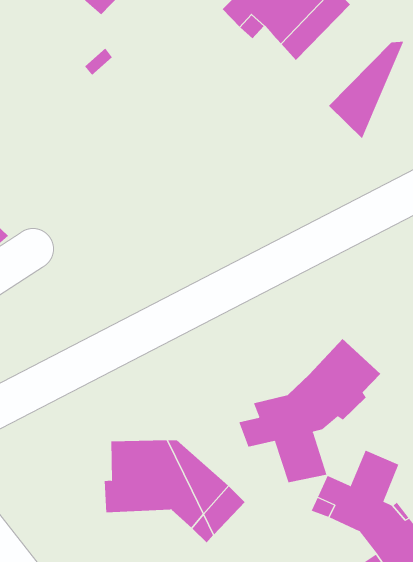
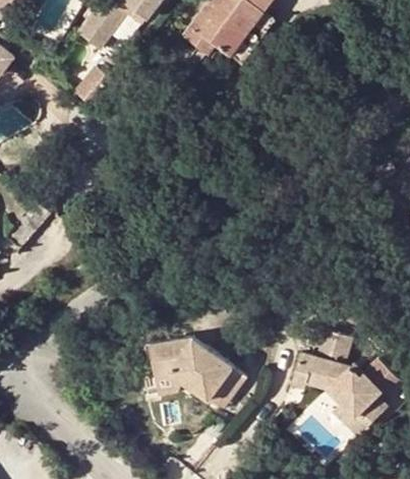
building: [328,41,404,139] -> none
building: [239,338,381,483] -> none

